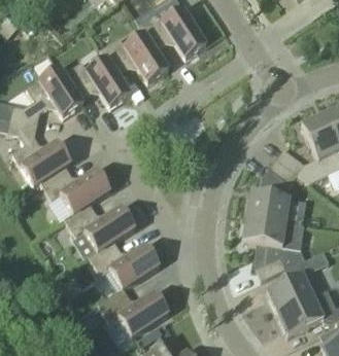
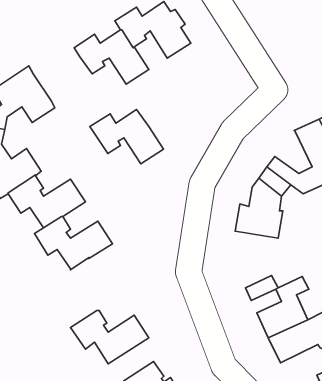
building: [63,57,130,106] -> [90,109,164,164]
building: [242,215,304,248] -> none
building: [89,239,159,287] -> none

